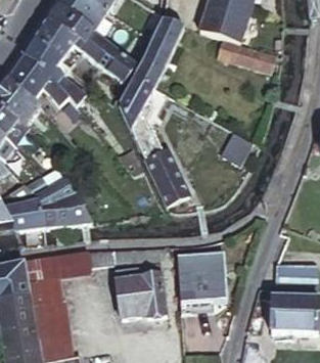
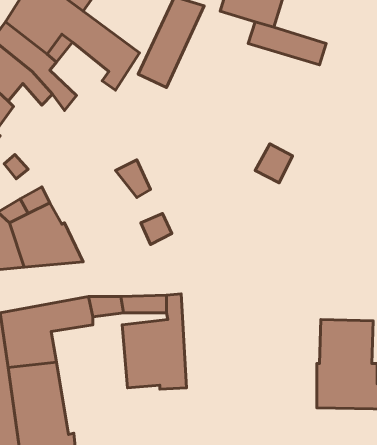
building: [120,79,184,205] -> none
building: [177,252,225,302] -> none

